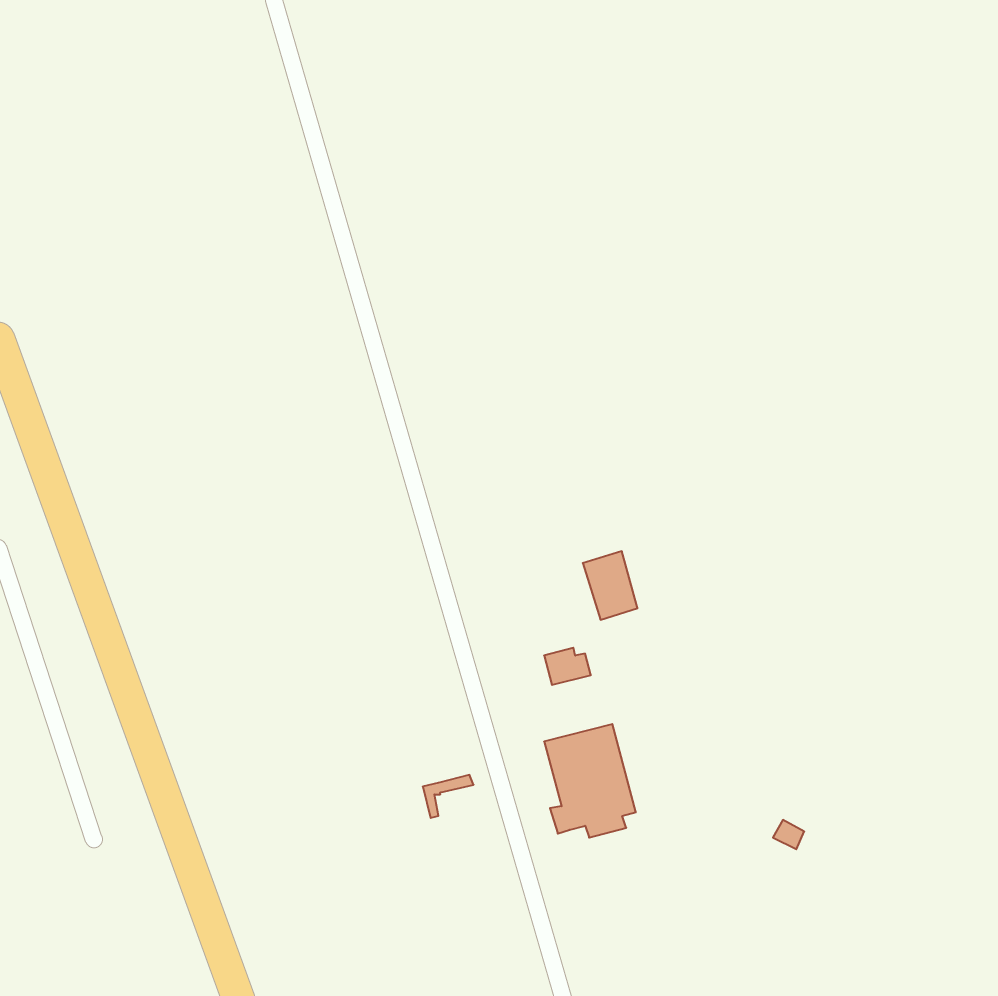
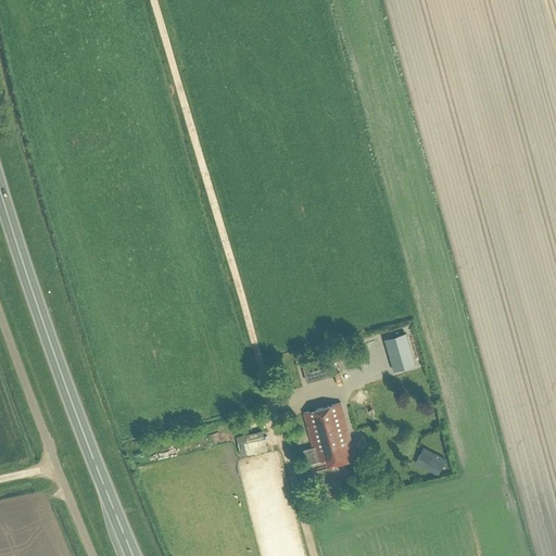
building: [583,551,638,620] -> [383,334,414,372]

